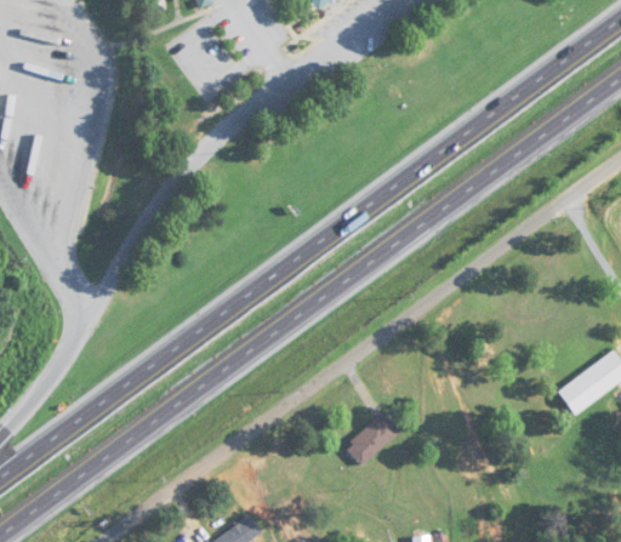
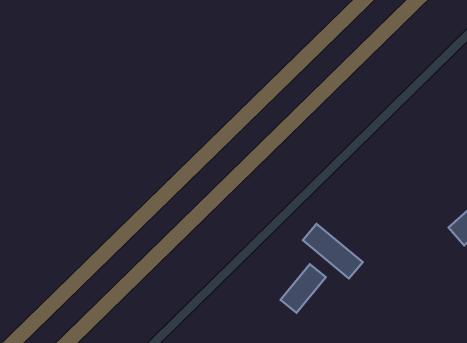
building: none -> [303,224,363,278]

